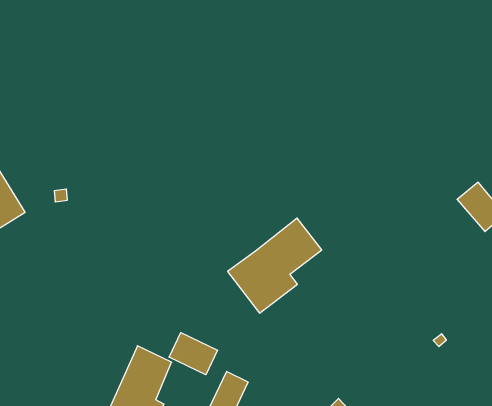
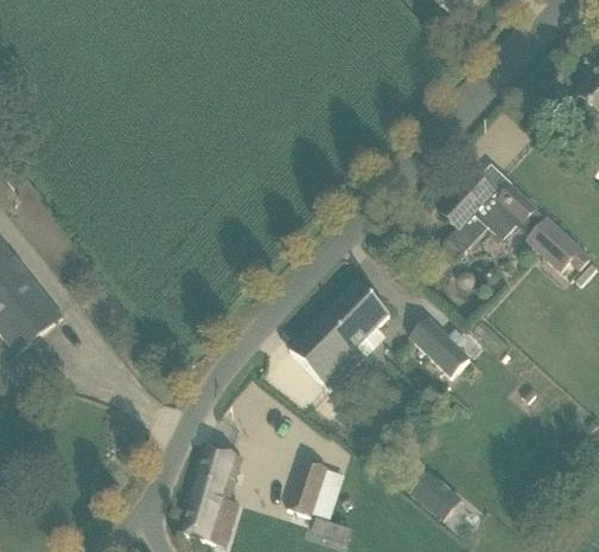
building: none -> [441,173,537,253]
building: none -> [410,317,471,377]
building: [169,333,217,375] -> none

